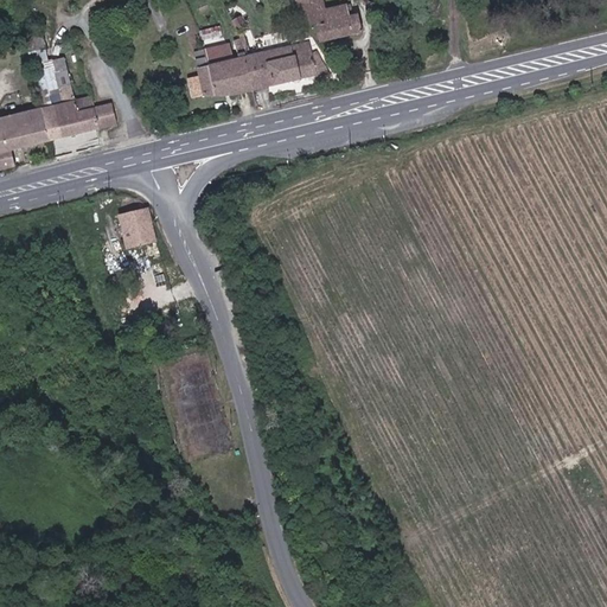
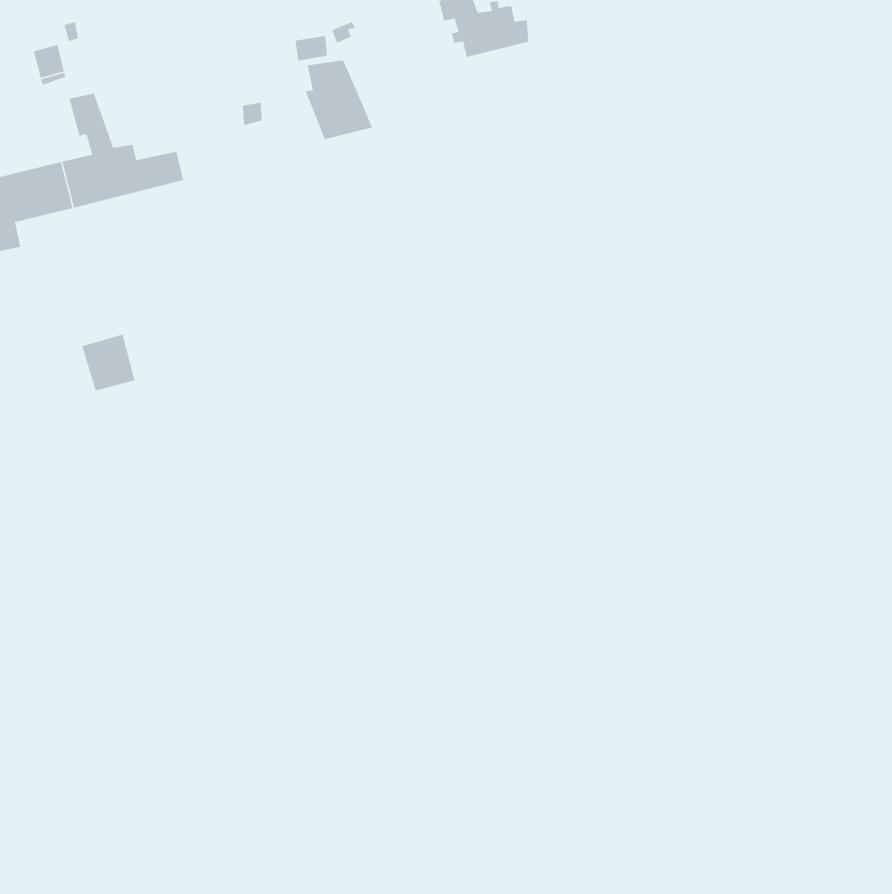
building: [239,39,315,87] -> none
building: [187,62,219,96] -> none
building: [117,207,154,247] -> [81,334,135,391]

